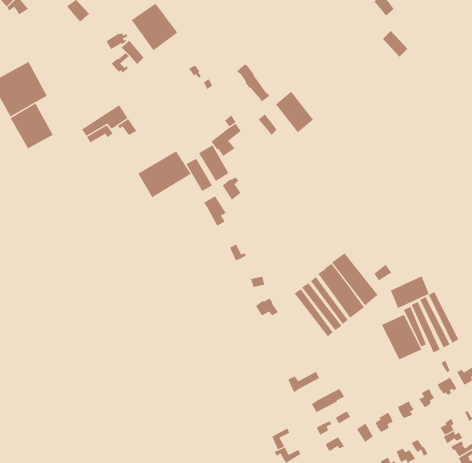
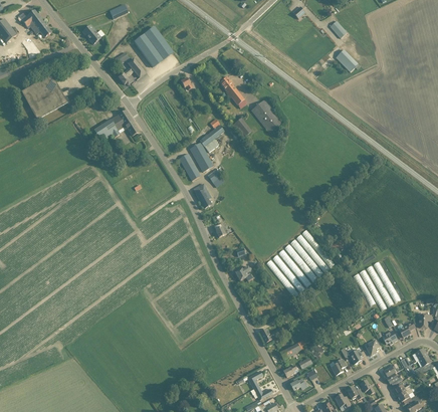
building: [10,103,53,149] -> none
building: [138,150,191,198] -> none
building: [390,275,430,309] -> none
building: [381,314,422,360] -> none

